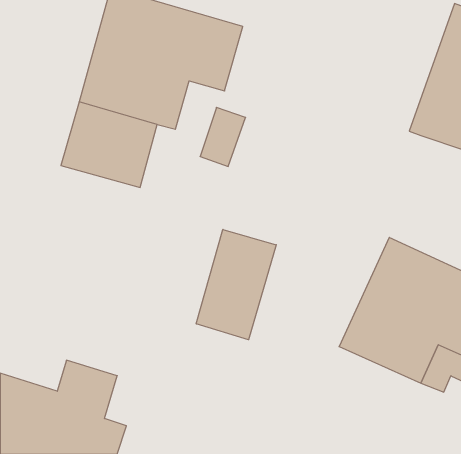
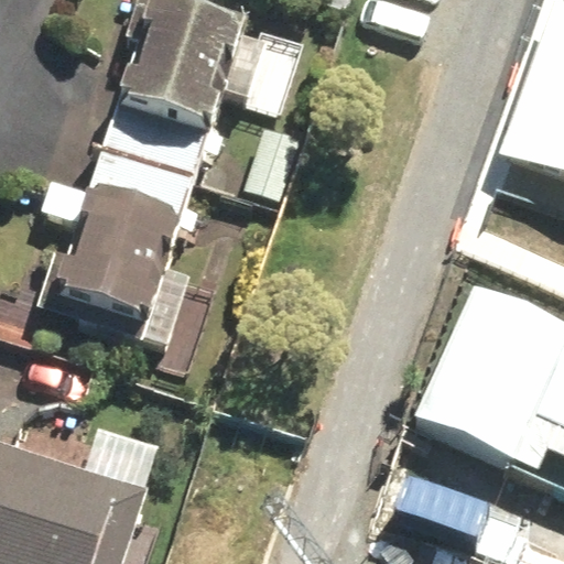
building: none -> [26,187,212,358]
building: [196,229,276,340] -> none

